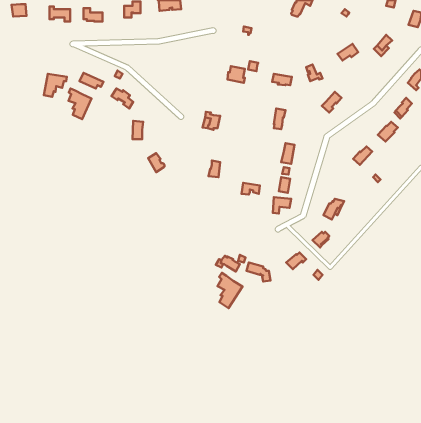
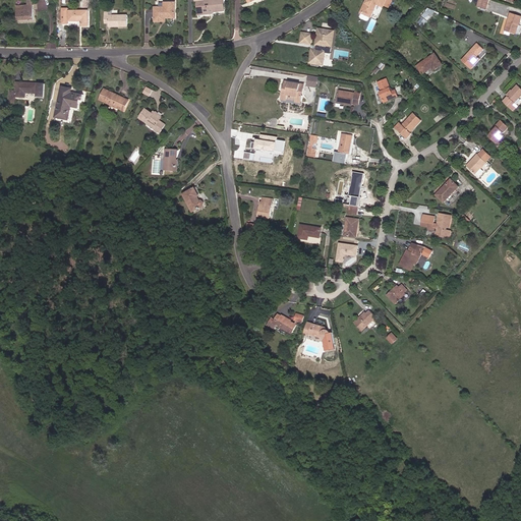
building: none -> [308,30,332,64]
building: none -> [7,82,43,103]
building: [69,88,91,119] -> none
building: none -> [421,214,450,237]
building: [218,273,242,308] -> none

